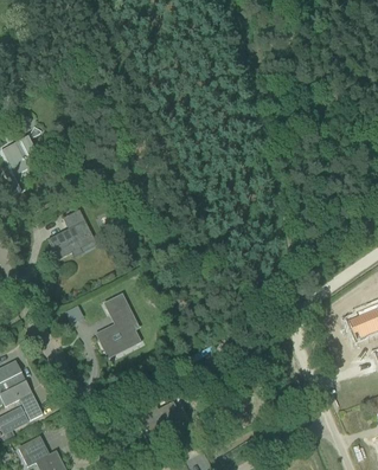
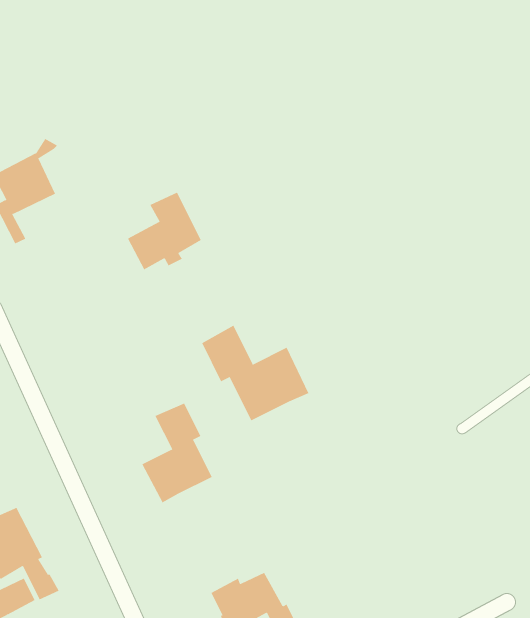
building: [47,208,95,258] -> [127,192,202,270]
building: none -> [201,325,309,421]

